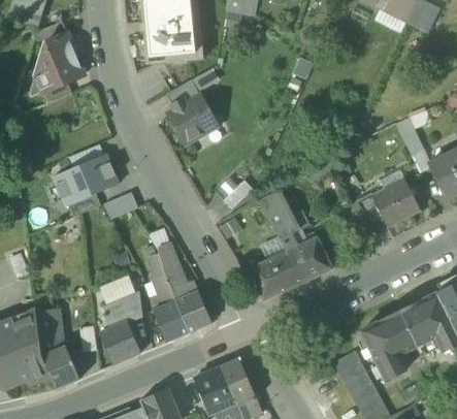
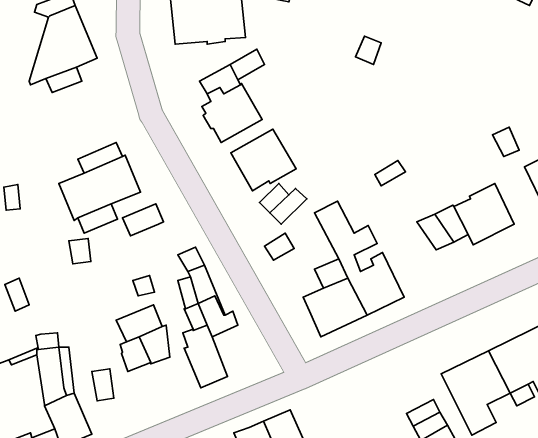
building: none -> [231,129,296,191]
building: [176,290,210,331] -> none
building: [99,320,140,363] -> none

